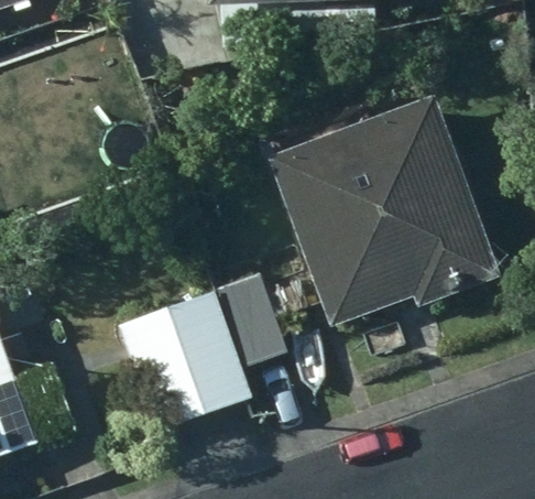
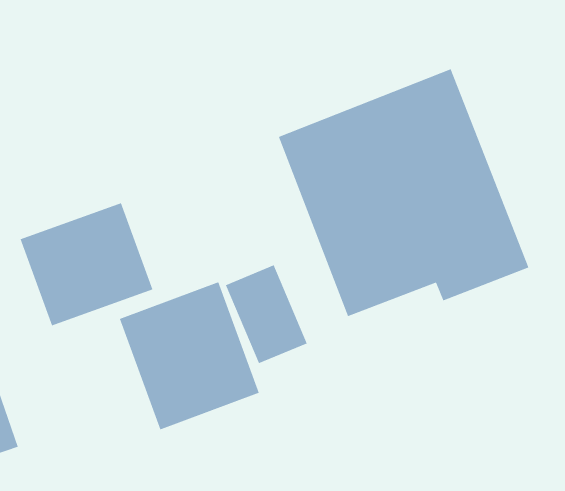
building: none -> [20,202,154,326]

